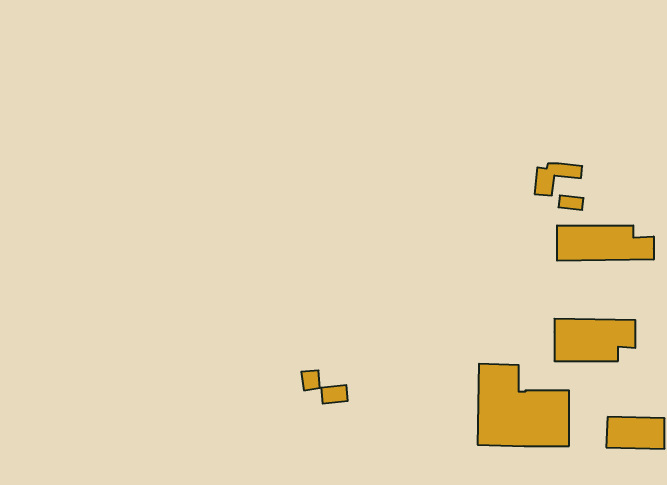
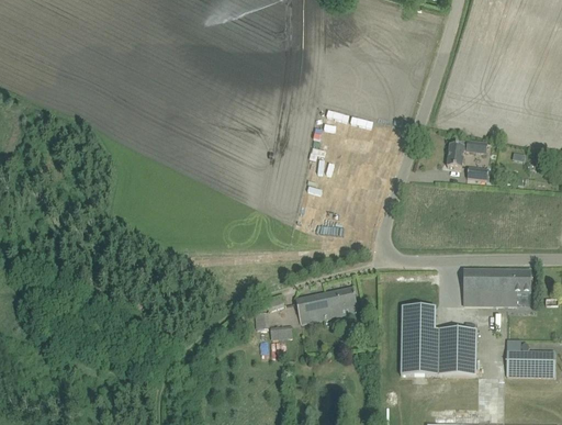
building: [557,225,654,261] -> none
building: none -> [296,288,357,323]

